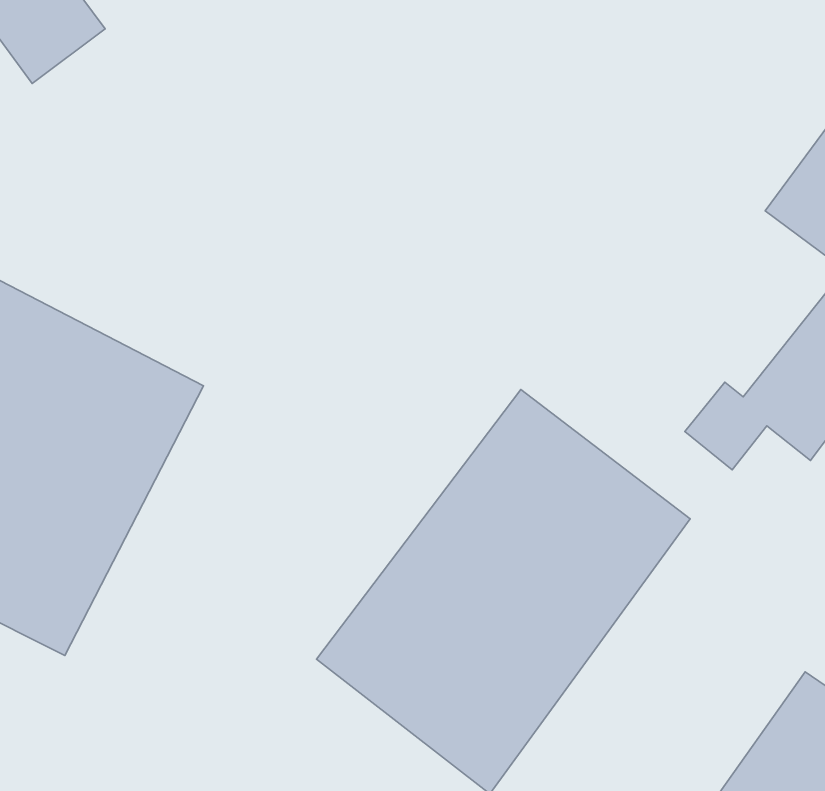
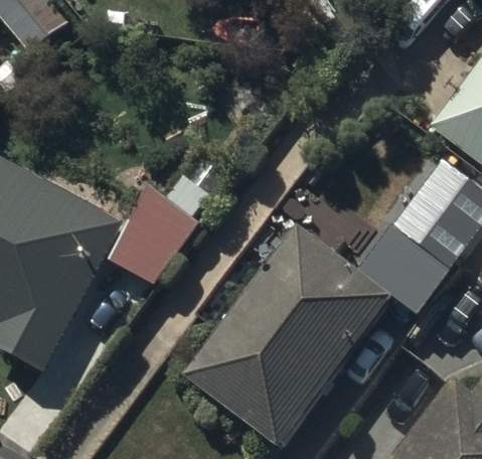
building: none -> [104,177,206,295]

